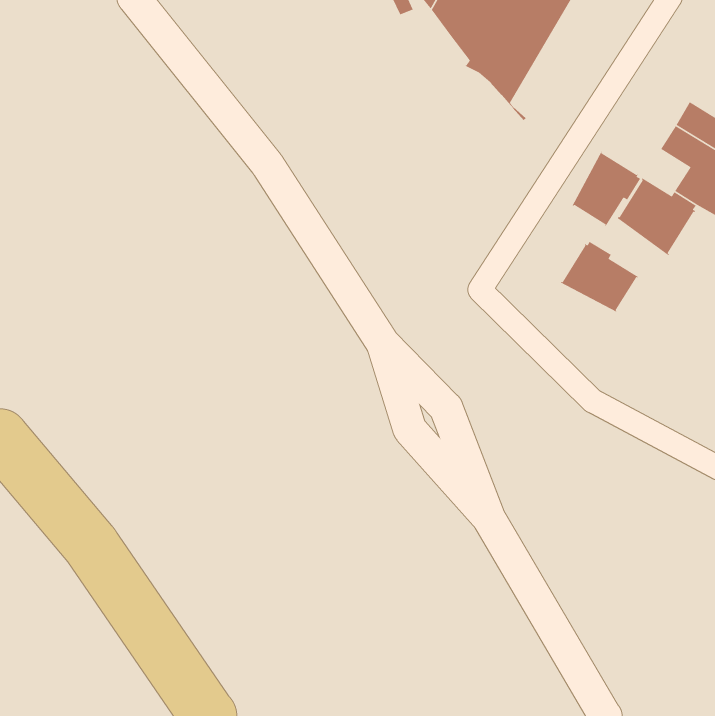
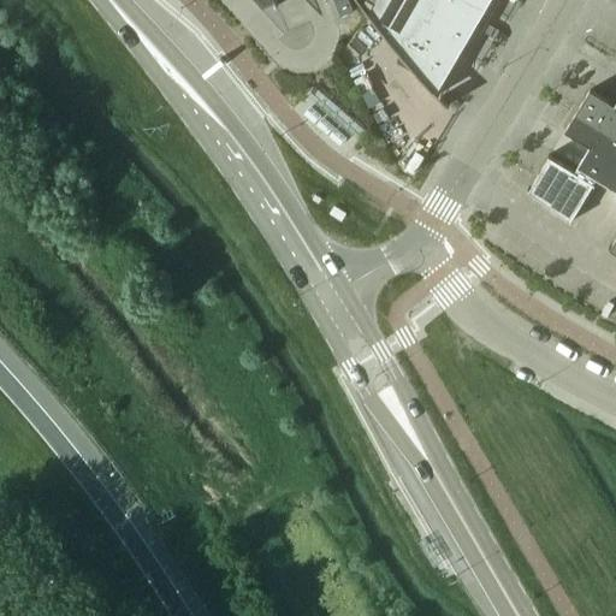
building: [572,150,641,227] -> none
building: [560,241,639,313] -> none

